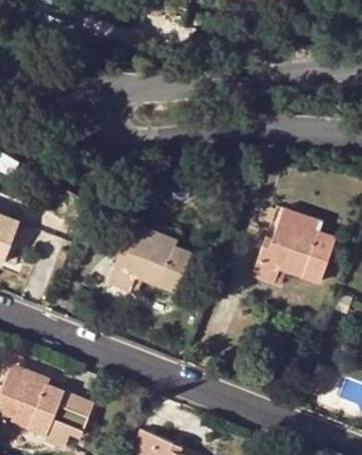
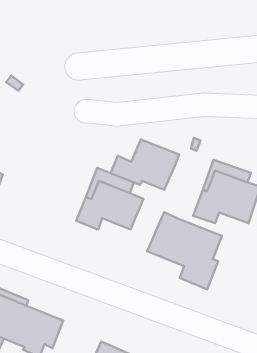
building: none -> [111,139,179,190]
building: none -> [147,212,222,290]

